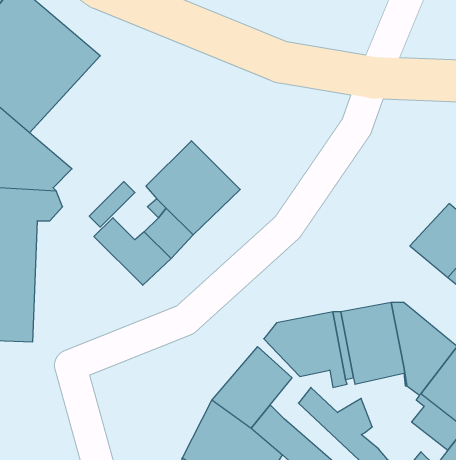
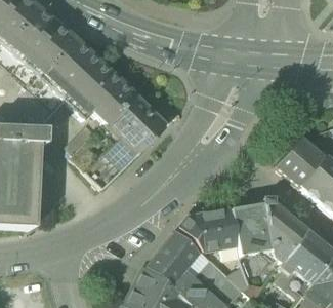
building: none -> [28,40,133,125]
building: none -> [176,225,211,277]

